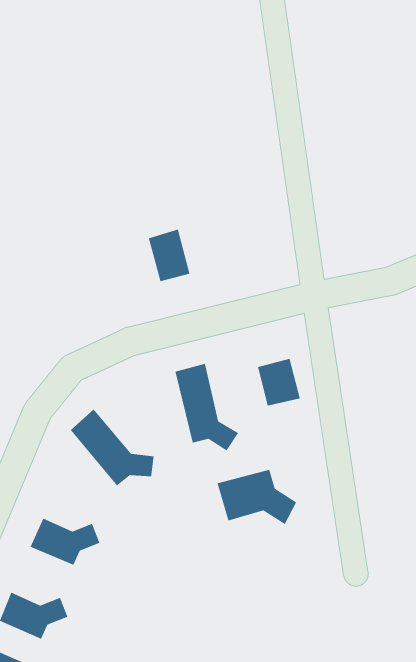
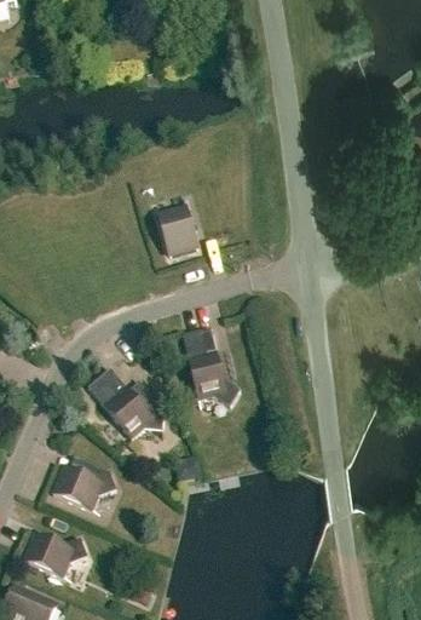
building: [257,358,301,407] -> none
building: [217,469,297,525] -> none

